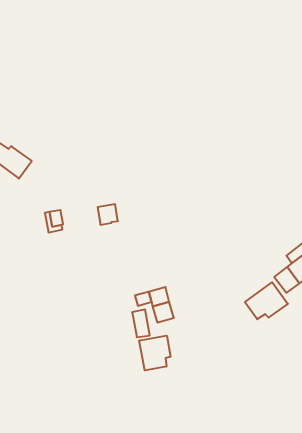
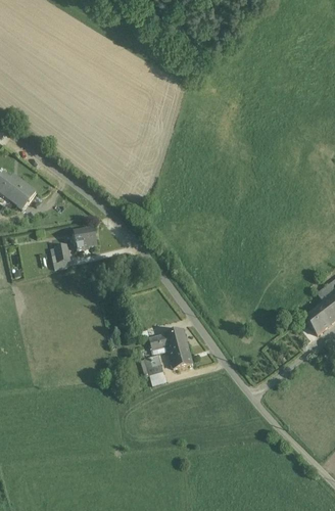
building: [98,204,118,225] -> [74,228,96,250]
building: [245,282,288,319] -> none
building: [139,336,170,370] -> none

